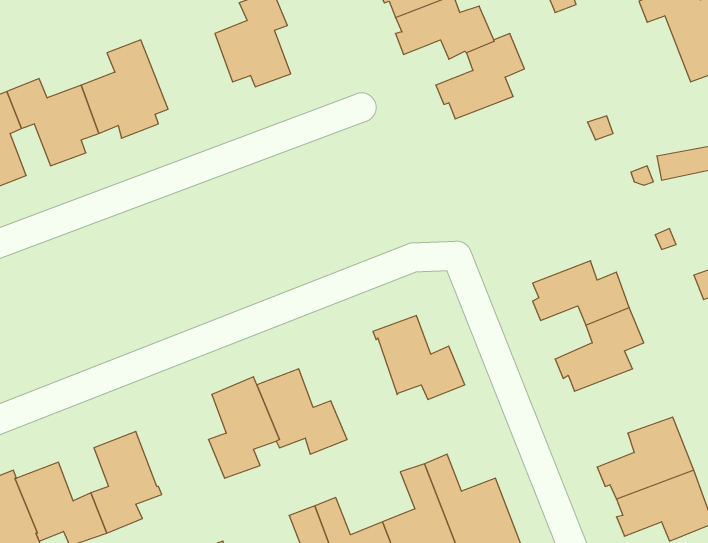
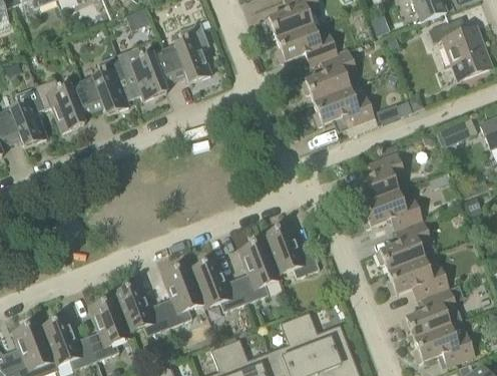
building: none -> [118,46,175,100]
building: none -> [314,88,375,128]
building: none -> [350,152,405,205]
building: none -> [236,239,281,302]
building: none -> [388,258,449,298]
building: none -> [113,282,170,335]

